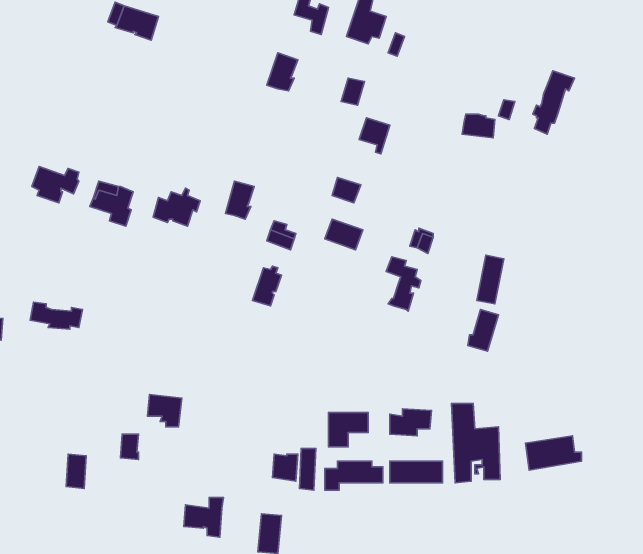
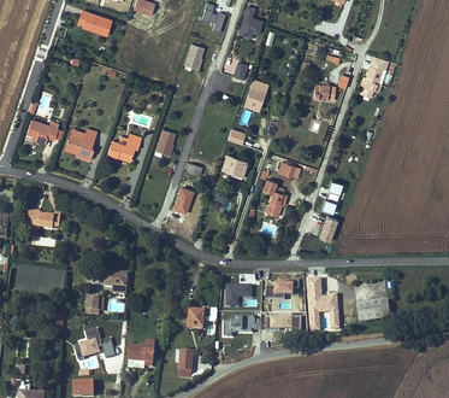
building: none -> [73,327,114,358]

